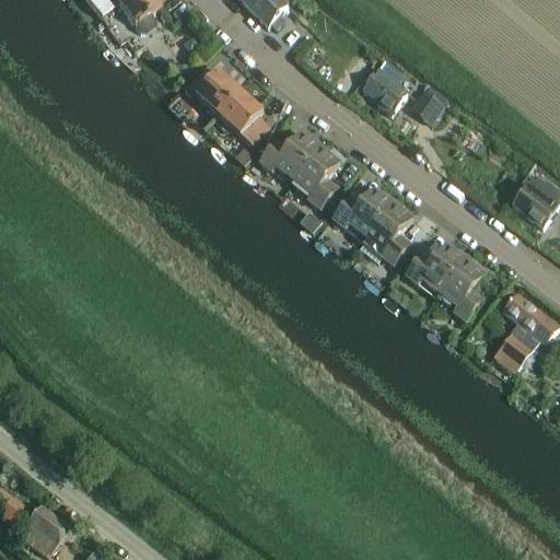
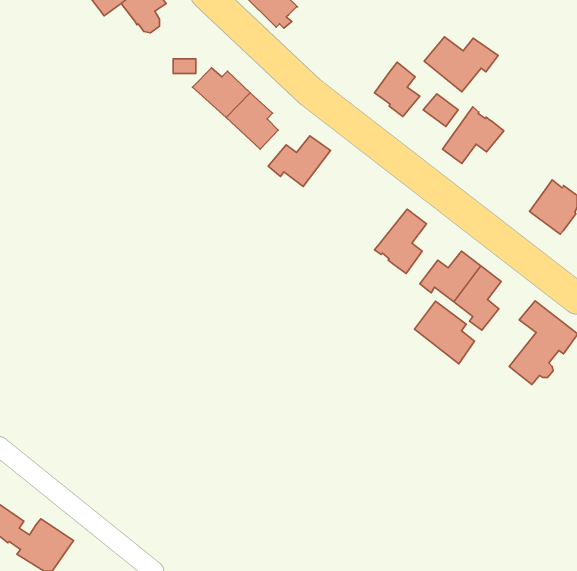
building: none -> [424,37,498,92]
building: none -> [443,107,504,164]
building: [293,145,339,208] -> none
building: [332,187,394,236] -> none
building: none -> [414,301,475,364]

